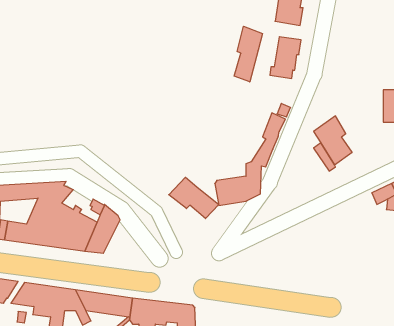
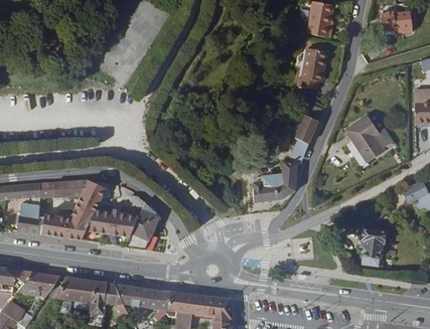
building: none -> [383,9,411,28]
building: [234,26,263,82] -> none
building: [169,177,219,219] -> none
building: none -> [362,227,386,264]

